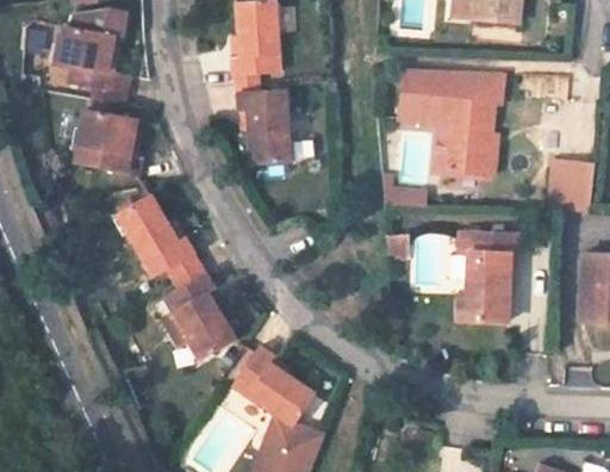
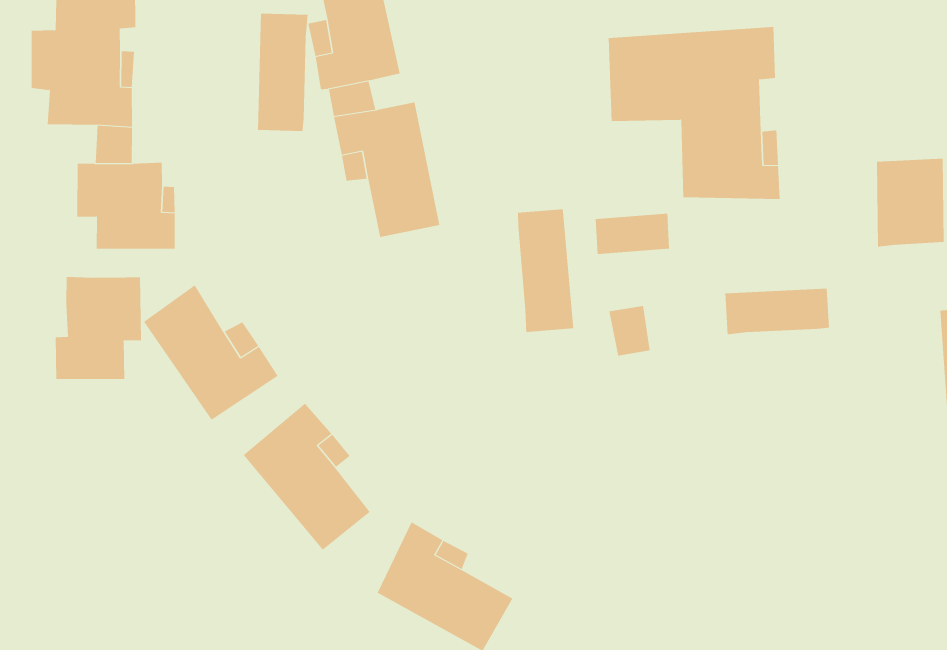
building: none -> [258,13,308,132]
building: none -> [517,209,574,333]
building: none -> [55,276,141,380]
building: [458,255,511,328] -> none

